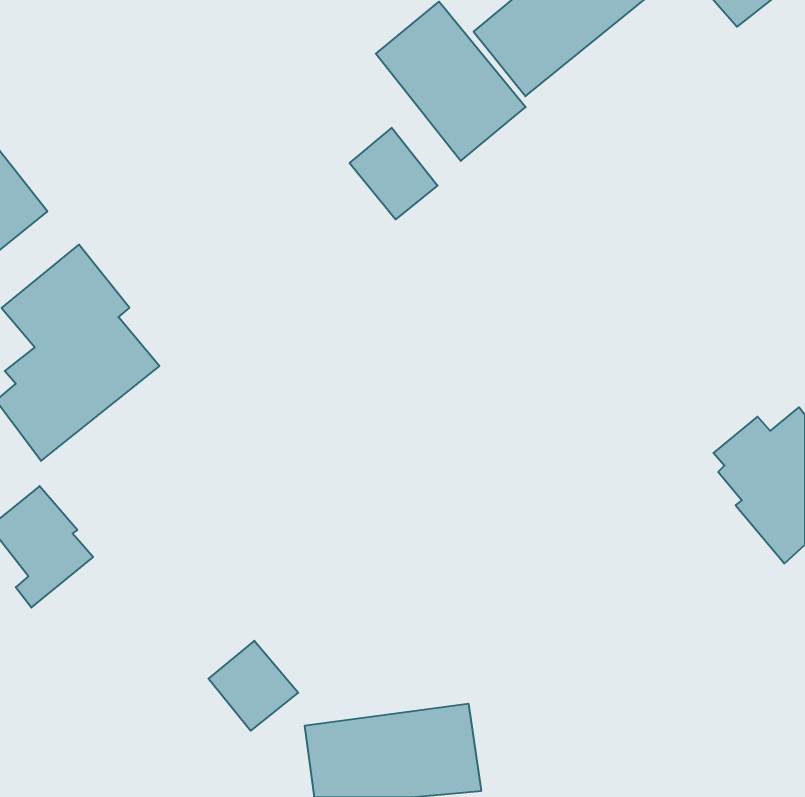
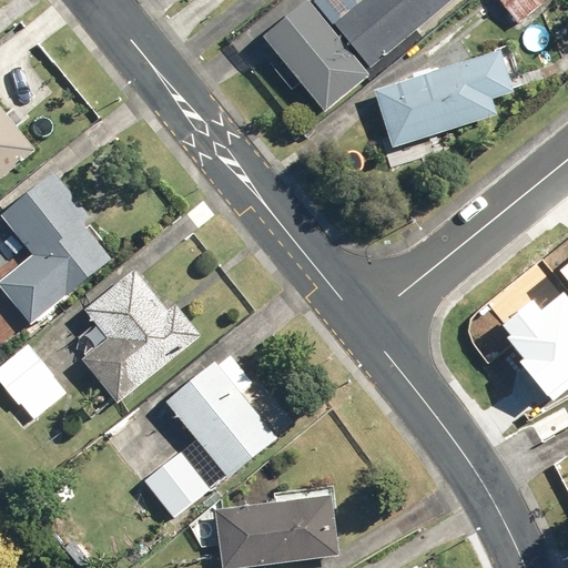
building: none -> [374,50,515,146]
building: [350,128,438,219] -> none
building: none -> [80,268,199,402]
building: none -> [168,365,278,480]

